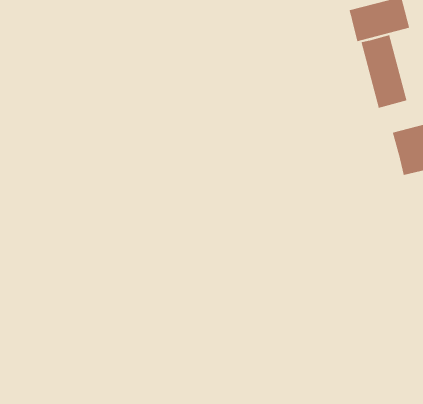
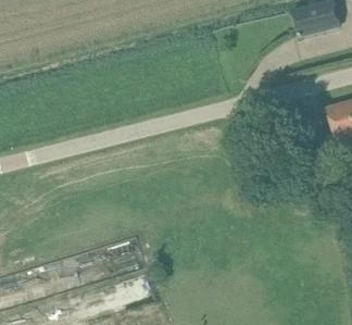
building: [360,34,407,109] -> none

